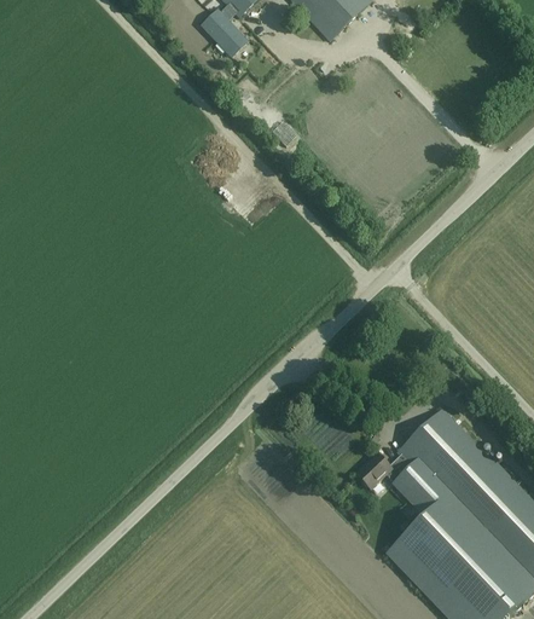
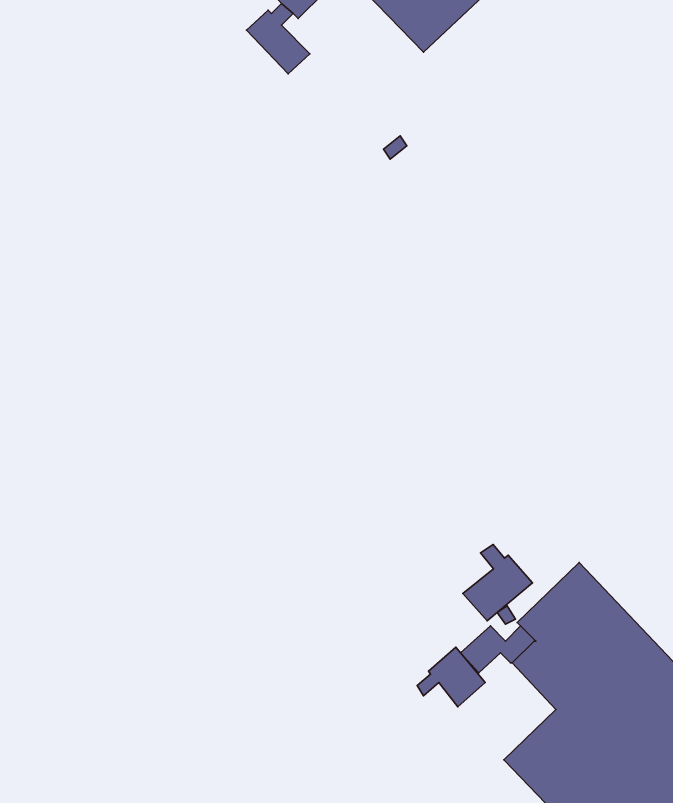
building: none -> [463,545,533,621]
building: none -> [417,647,485,707]

